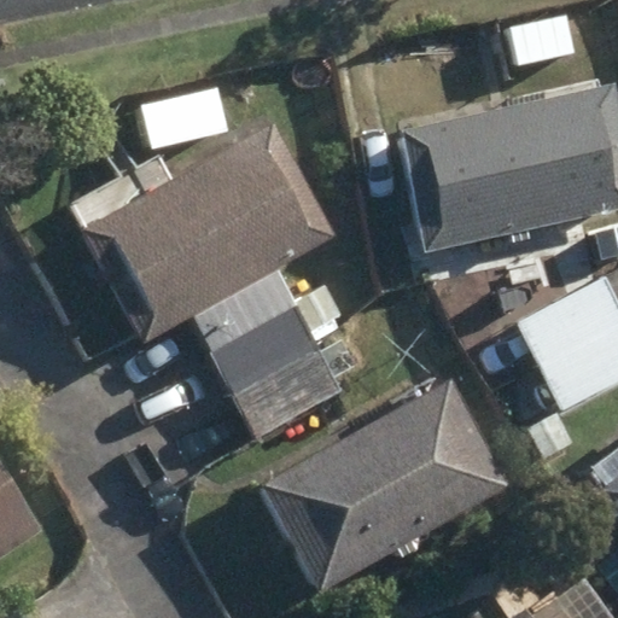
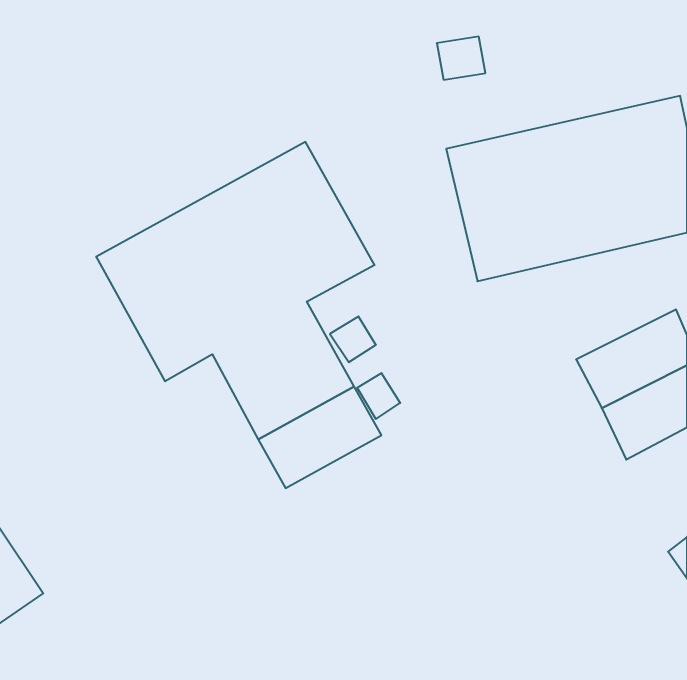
building: [258,379,509,591] -> none

